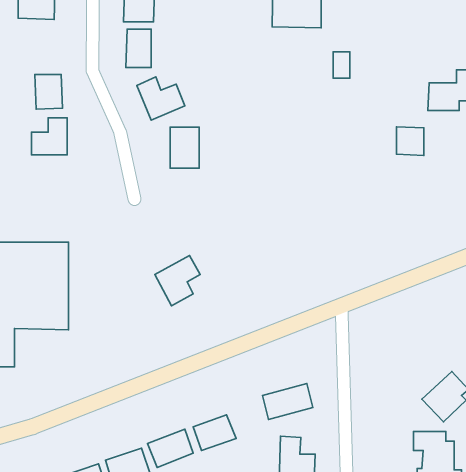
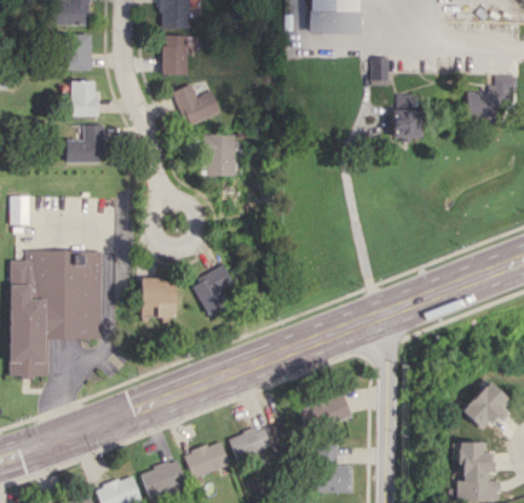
building: none -> [63,34,91,70]
building: [396,127,424,155] -> [392,109,420,138]
building: none -> [140,279,174,318]

